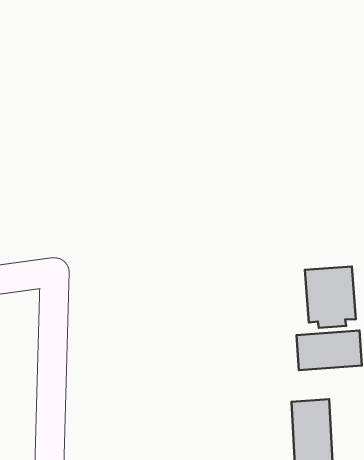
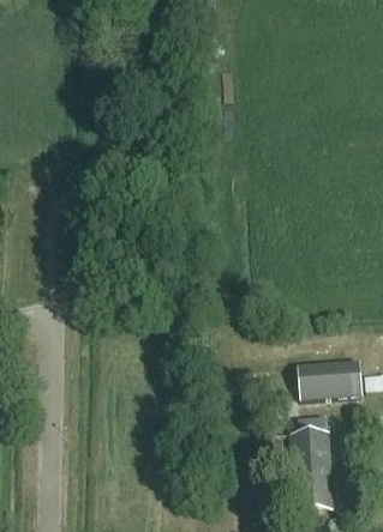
building: [305,267,356,328] -> none

